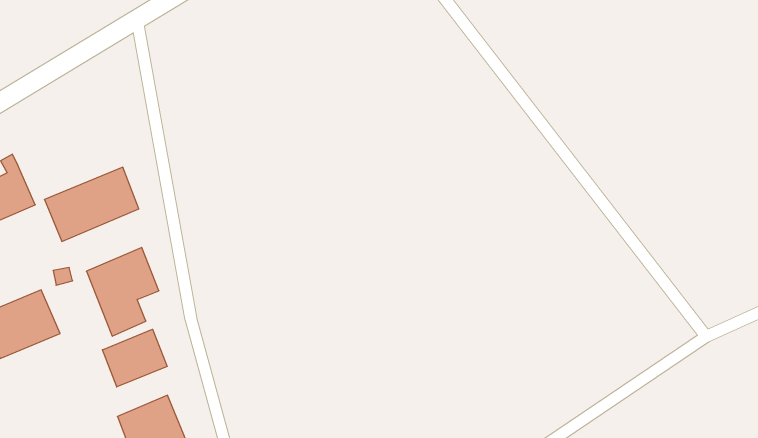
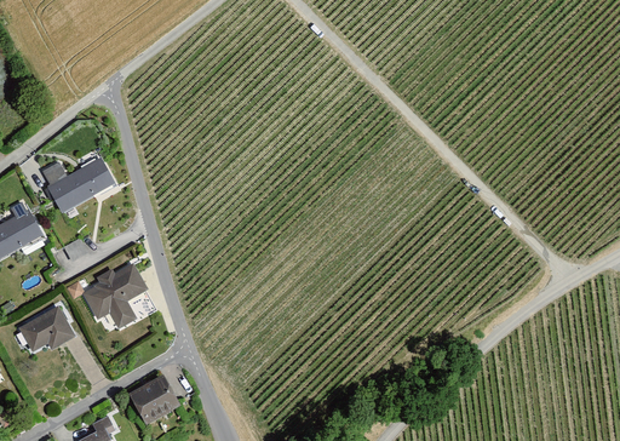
building: [44,167,139,241] -> [44,153,116,214]
building: [102,329,167,387] -> none

